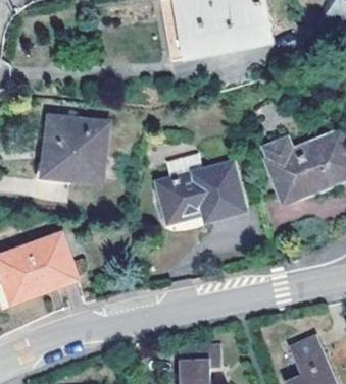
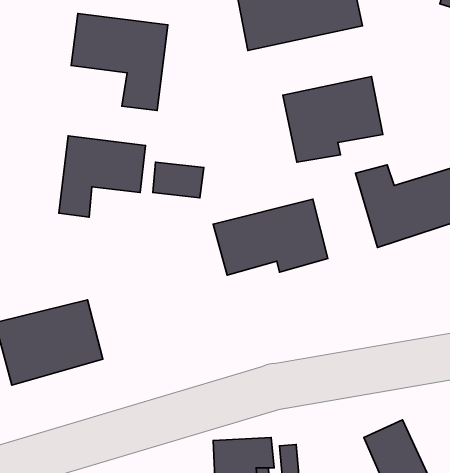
building: none -> [71,14,168,110]
building: none -> [283,77,383,162]
building: [69,155,107,181] -> [153,162,204,198]

